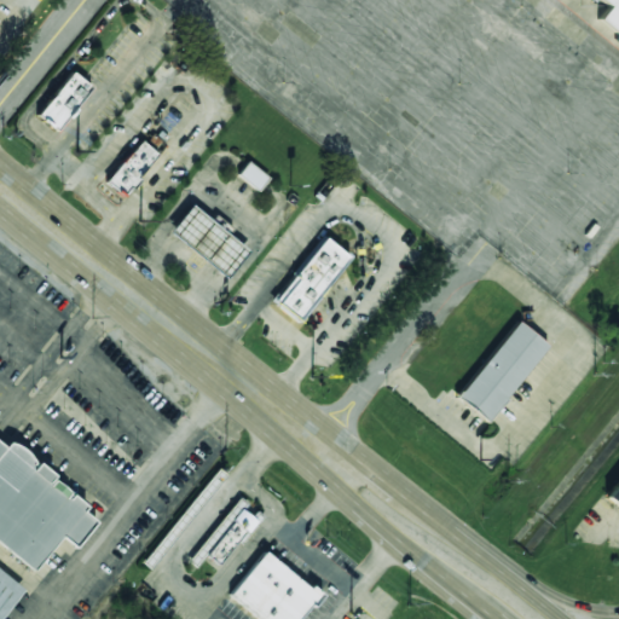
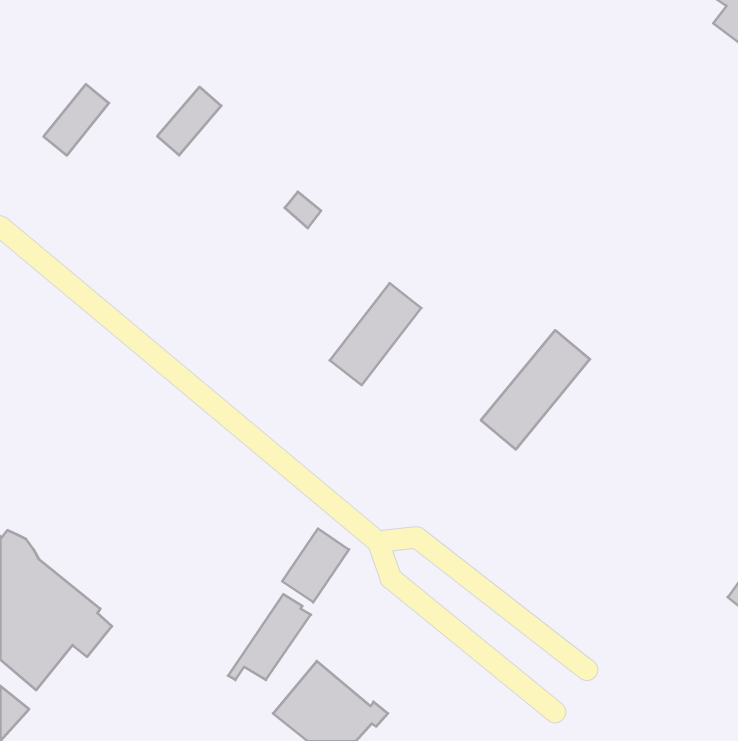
building: [106,138,160,195] -> [157,87,221,155]
building: [173,204,250,276] -> none
building: [459,320,550,420] -> [481,330,590,449]
building: none -> [282,529,349,602]

